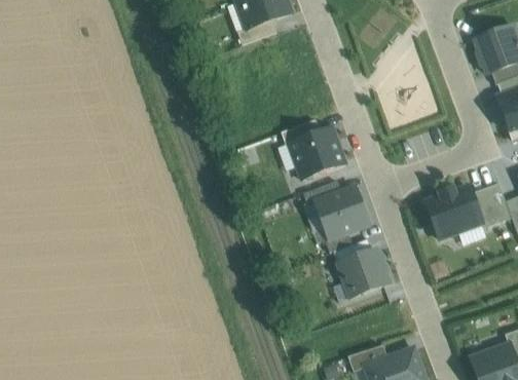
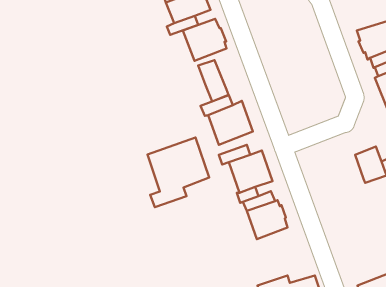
building: none -> [183,19,226,61]
building: none -> [198,60,228,102]
building: none -> [147,137,209,207]
building: [427,187,483,239] -> none

